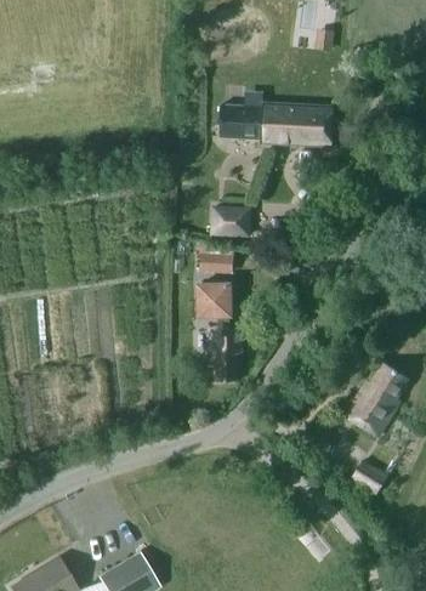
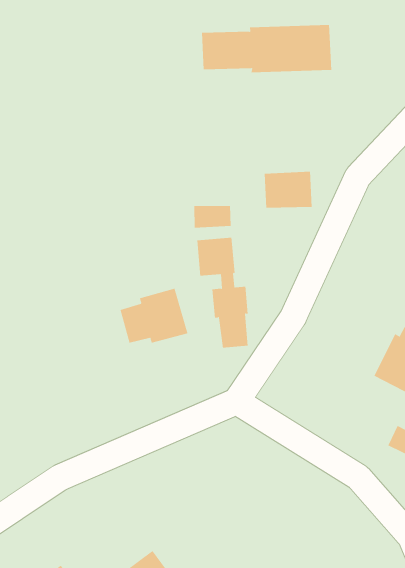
building: [209,204,251,237] -> [264,171,313,208]
building: none -> [120,288,188,344]

